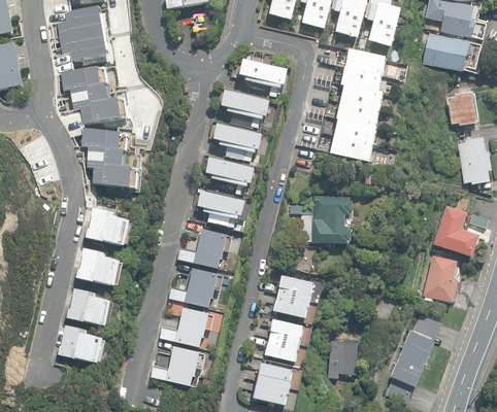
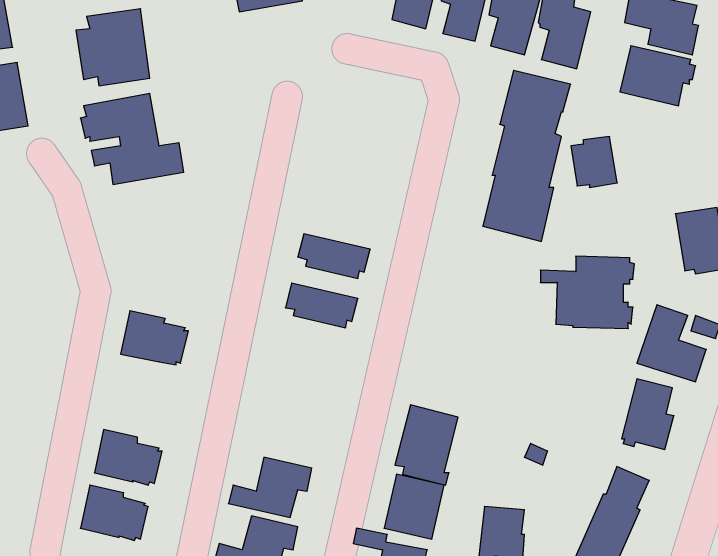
building: [238,59,288,88] -> none
building: [221,91,268,118] -> none
building: [445,92,476,126] -> [571,137,617,187]
building: [212,124,261,153] -> none
building: [79,128,139,187] -> none
building: [289,196,352,244] -> [540,256,634,329]
building: [176,229,232,269] -> none
building: [77,248,124,285] -> none
building: [168,268,224,308] -> none

